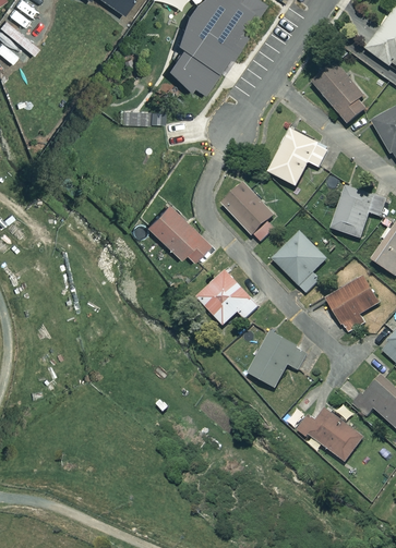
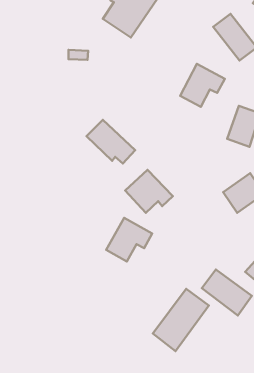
building: [221,182,274,243] -> none
building: [272,231,327,292] -> none
building: [248,329,309,387] -> [106,218,152,261]
building: none -> [153,289,209,351]

